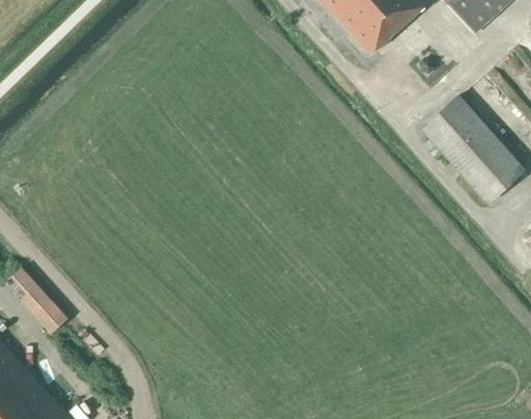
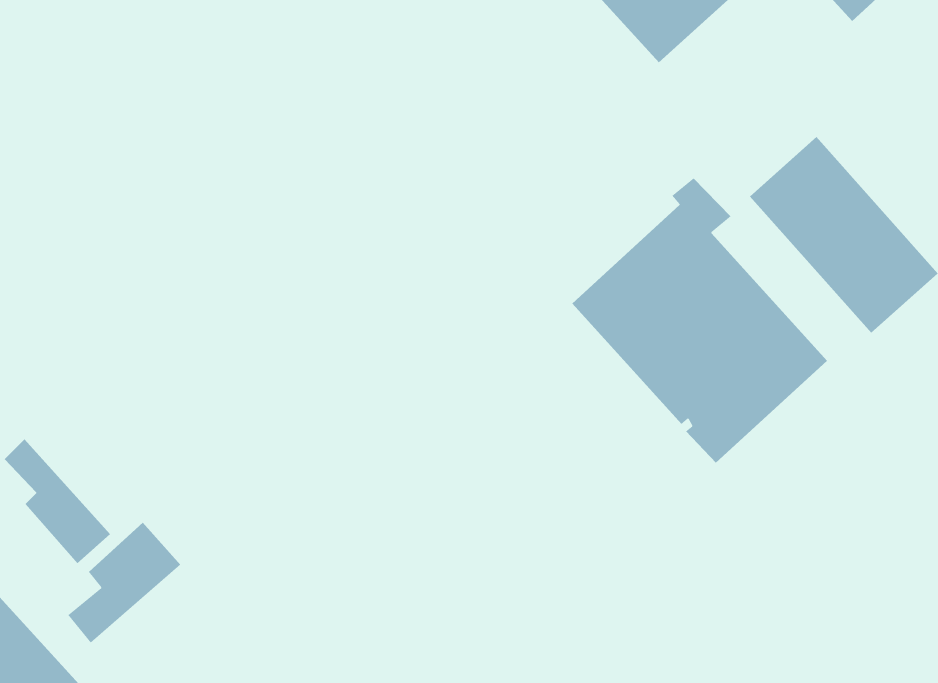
building: none -> [571,177,828,463]
building: none -> [67,522,181,644]

